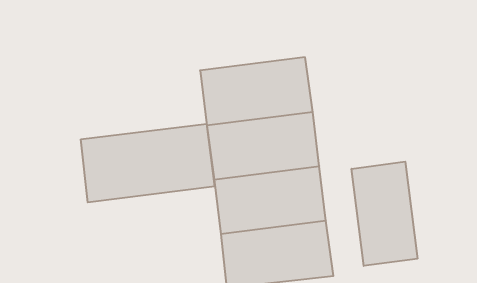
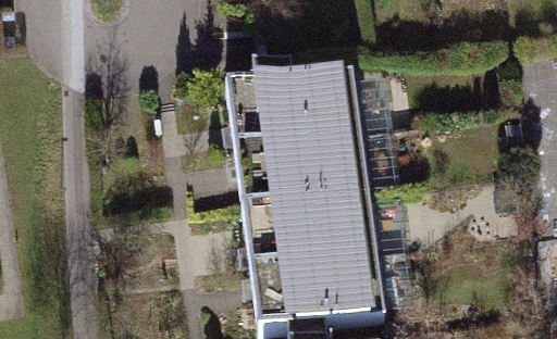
building: [81,124,215,202] -> none
building: [352,162,417,266] -> none

